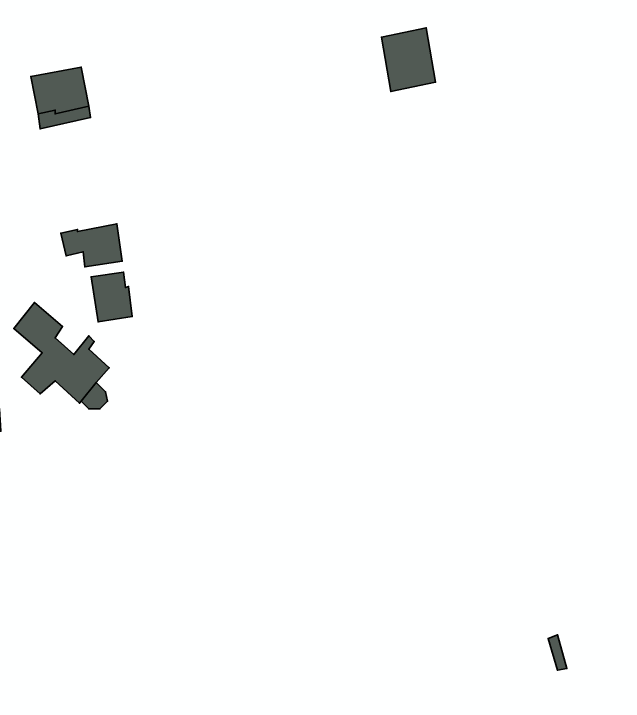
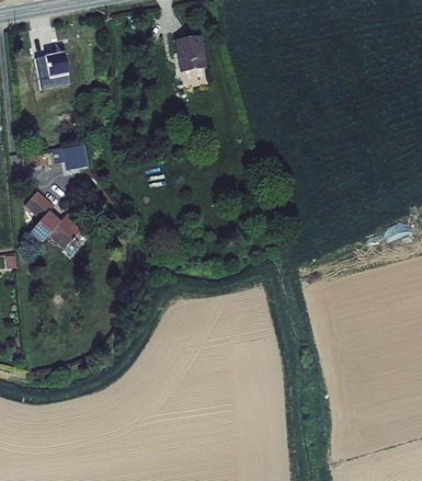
building: [381,28,436,91] -> [175,35,207,72]
building: [91,272,132,322] -> none

